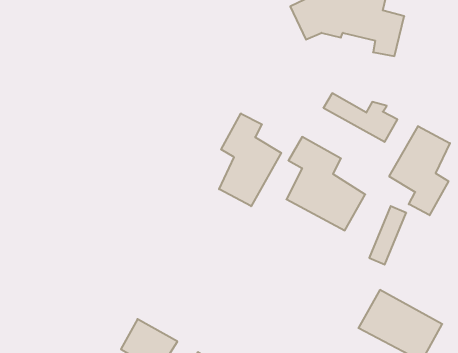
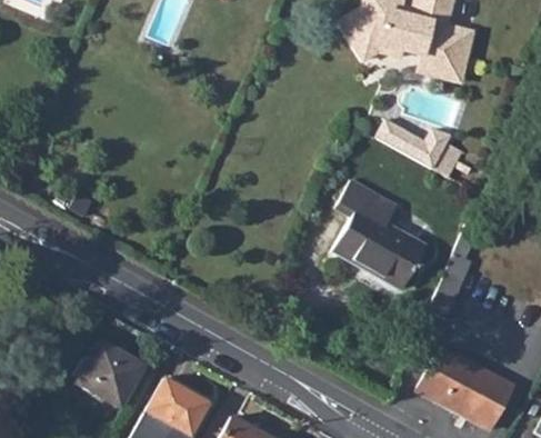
building: [219,113,281,206] -> none
building: [389,126,450,215] -> none
building: none -> [78,344,144,410]

